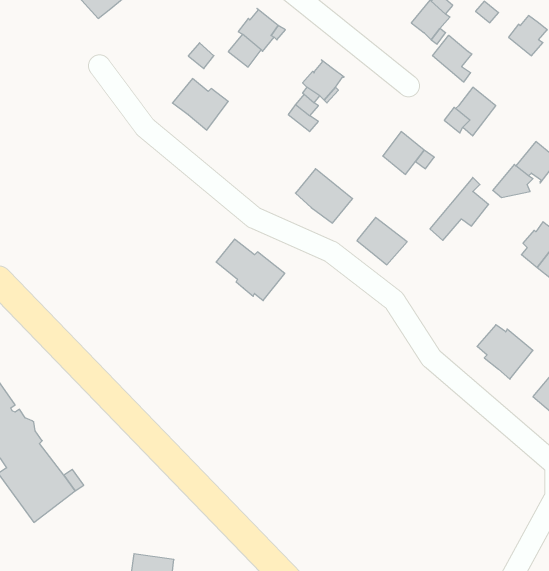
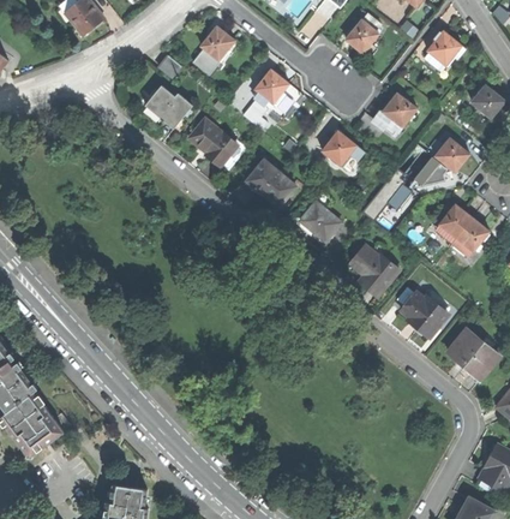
building: [433,35,472,82] -> none
building: [216,239,285,301] -> [188,119,246,171]
building: none -> [349,245,398,296]

